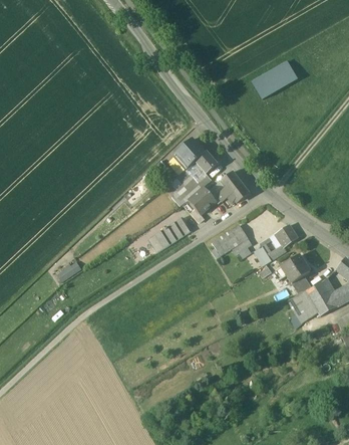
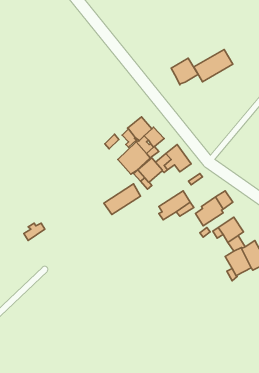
building: none -> [171,58,198,85]

